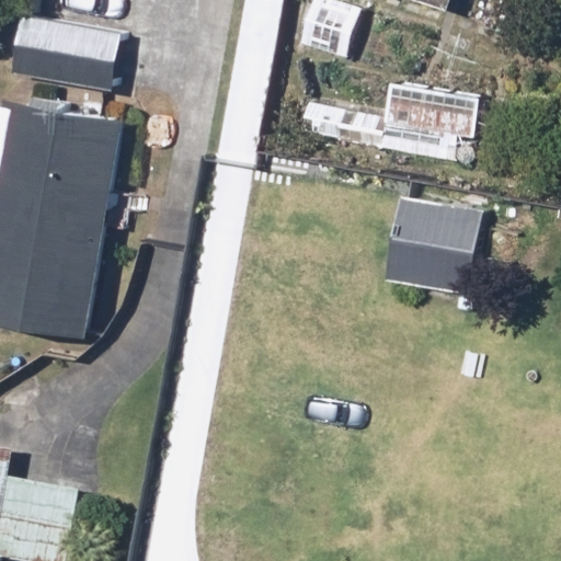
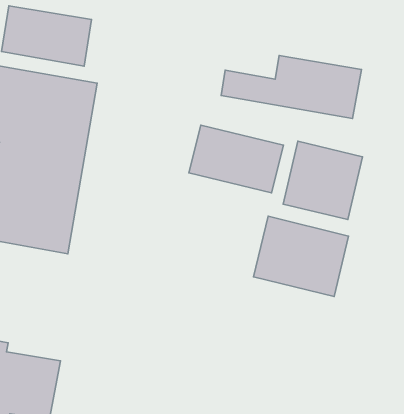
building: none -> [189,125,283,193]
building: none -> [254,216,349,296]

